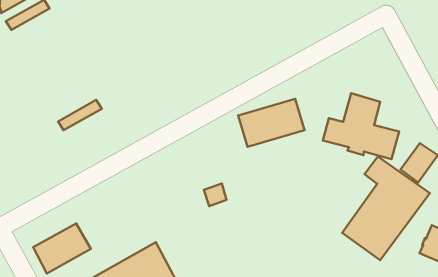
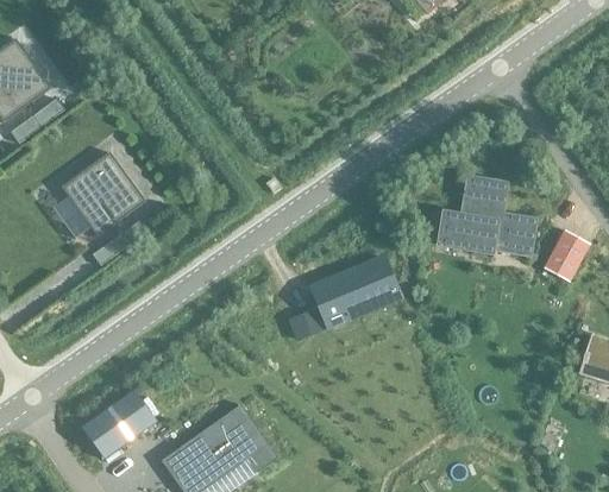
building: none -> [54,152,146,238]
building: [238,99,304,147] -> [313,258,401,327]
building: [342,156,430,260] -> none

